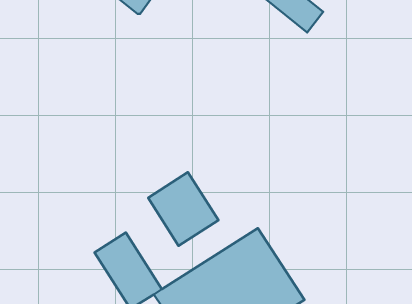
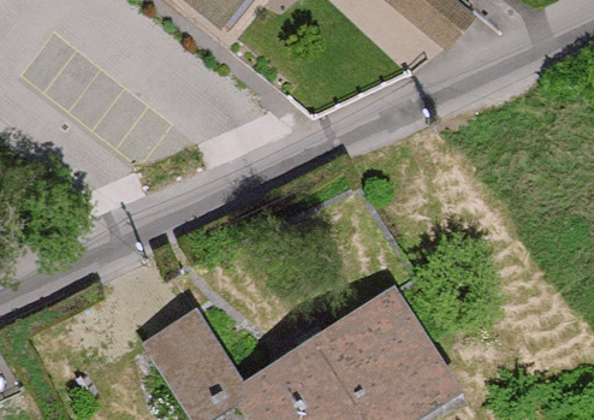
building: [148,172,218,246] -> none

